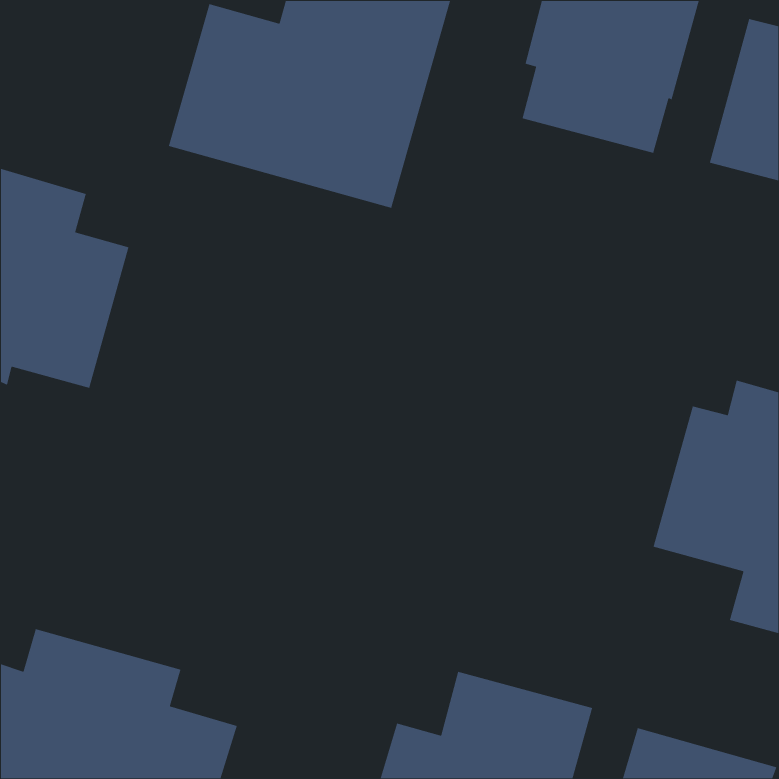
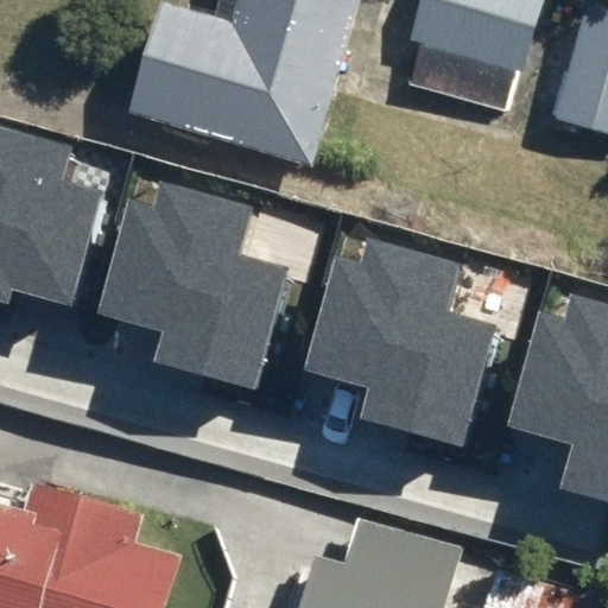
building: none -> [99,185,285,385]
building: none -> [306,236,493,444]

